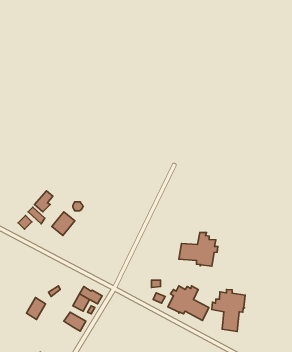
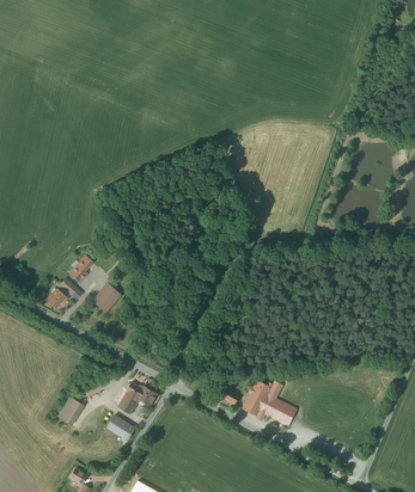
building: [179,232,218,266] -> none
building: [212,289,245,332] -> none

